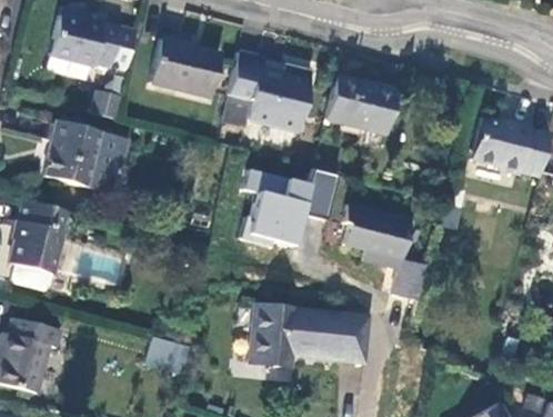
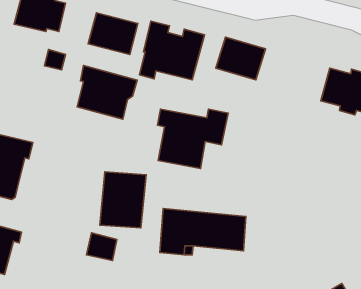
building: [43,118,125,191] -> [77,65,137,119]
building: [338,203,421,318] -> none
building: none -> [100,172,146,228]

